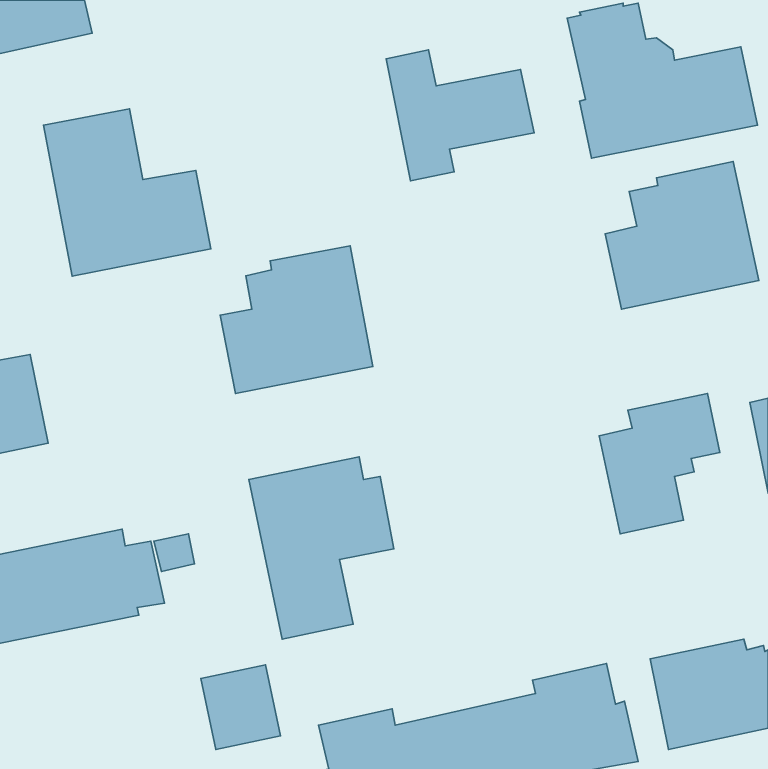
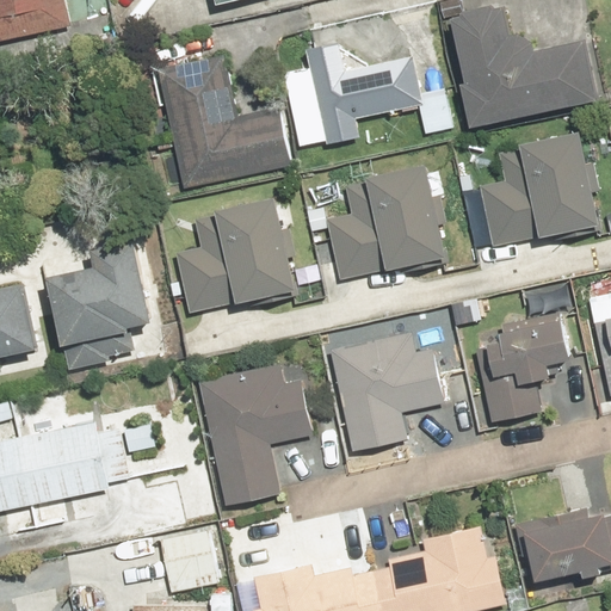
building: [43,109,211,276] -> [159,57,291,190]
building: none -> [326,163,446,282]
building: none -> [47,240,150,370]
building: none -> [331,333,445,450]

